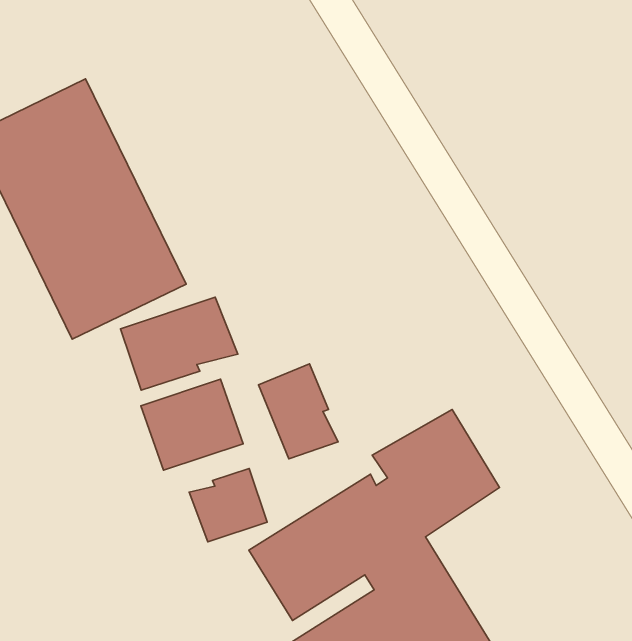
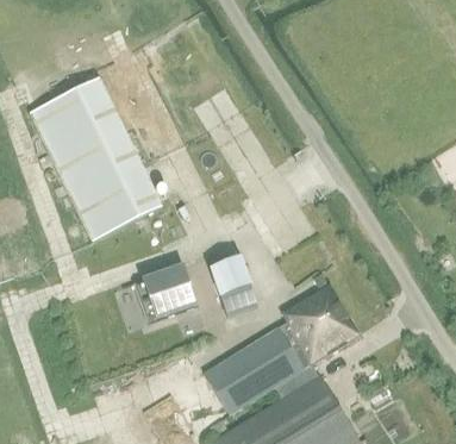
building: [121,297,238,390] -> none
building: [189,469,267,542] -> none

